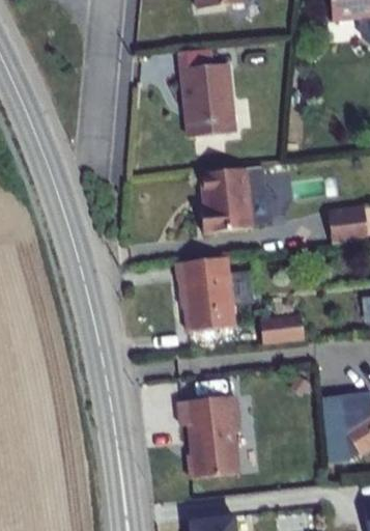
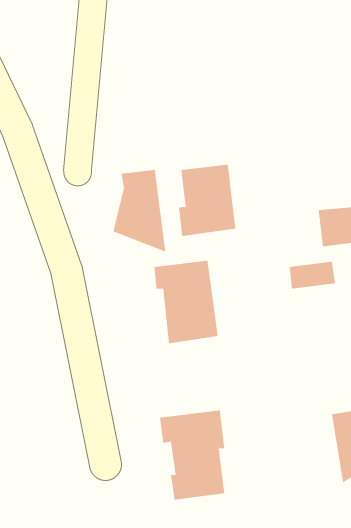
building: [184,47,240,134] -> none
building: none -> [113,169,166,252]
building: [258,319,302,345] -> [289,261,336,289]

